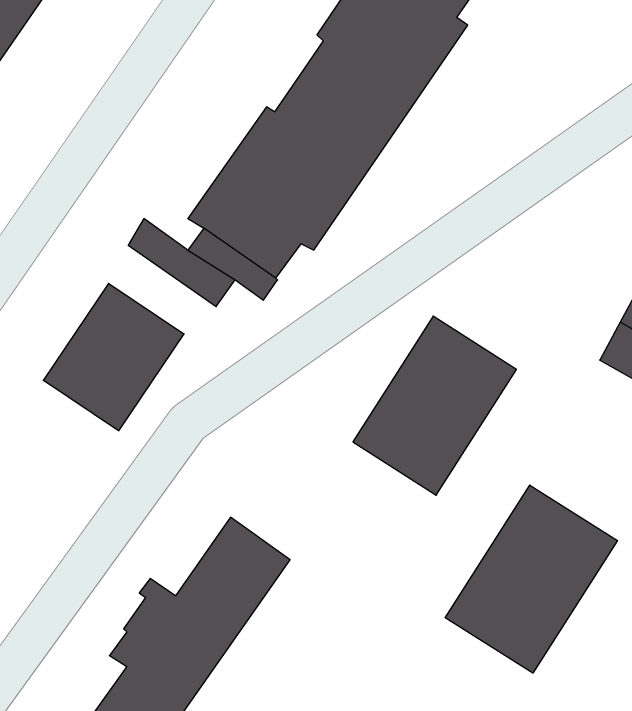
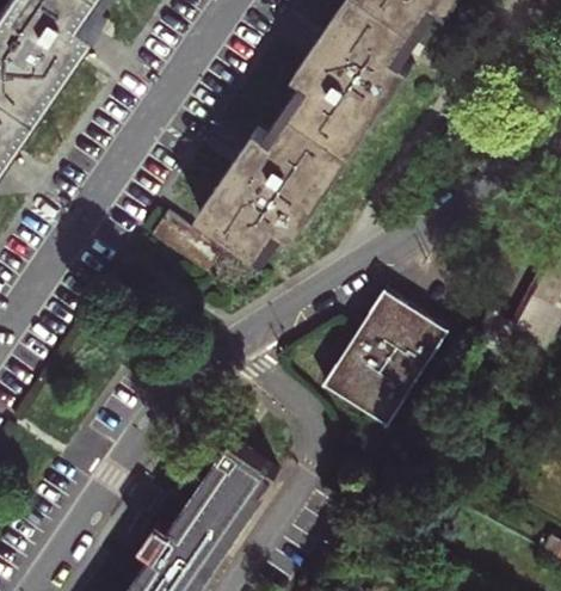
building: [43,283,184,431] -> none
building: [445,485,617,673] -> none

